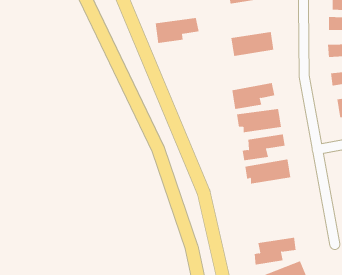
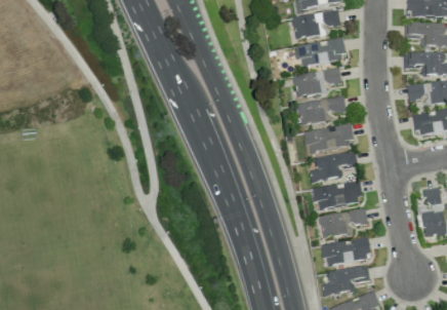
building: [155,18,199,44] -> [292,10,341,39]
building: none -> [295,71,341,95]
building: none -> [319,208,368,237]
building: none -> [321,237,370,265]

